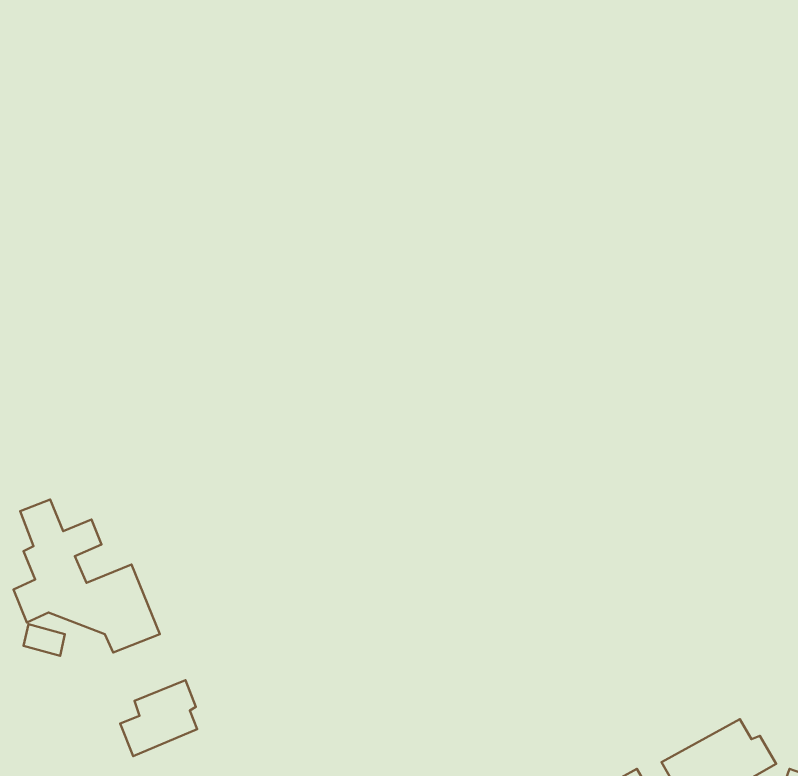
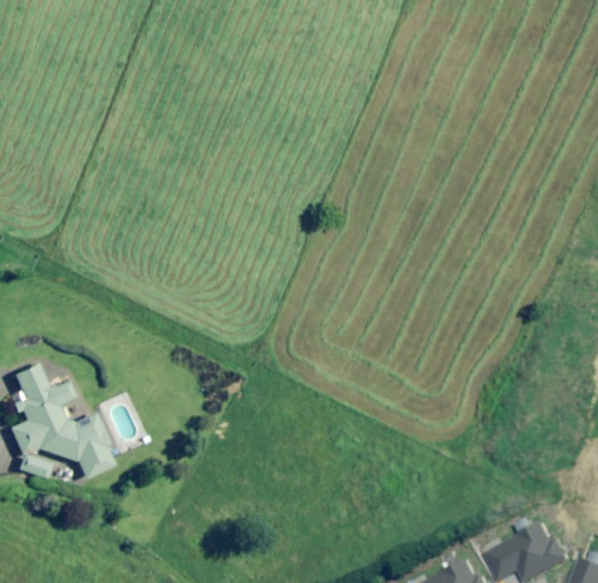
building: [120,680,197,756] -> none

